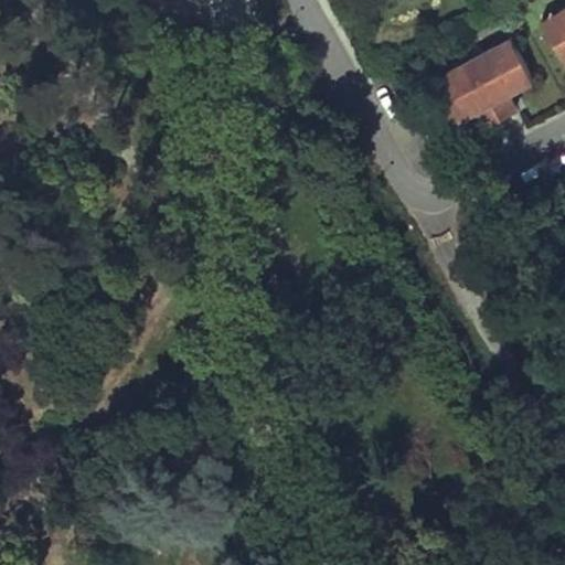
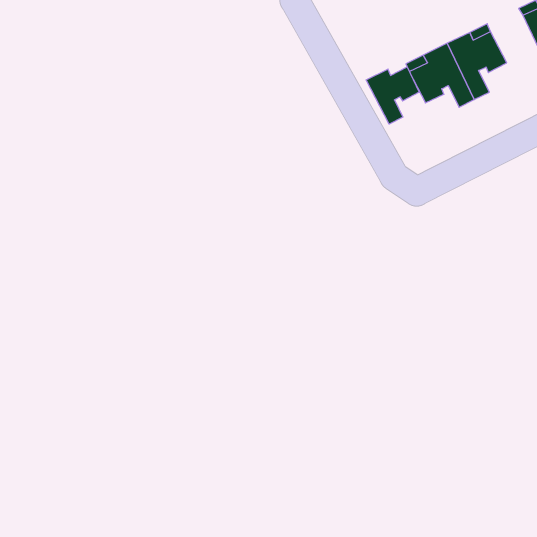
building: none -> [366,67,419,124]

